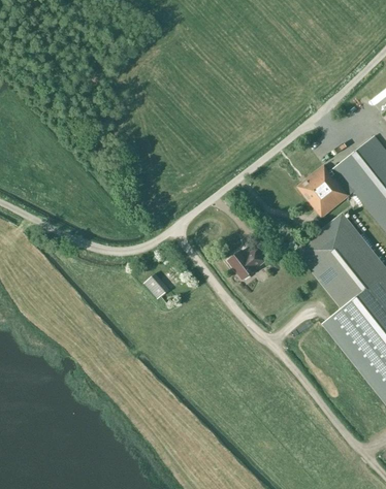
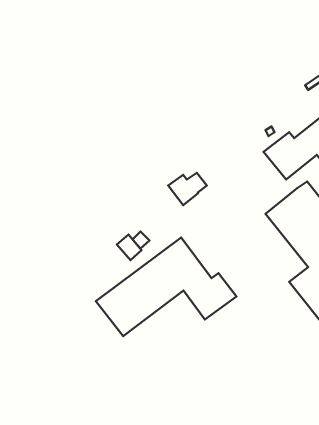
building: [227,247,267,281] -> [168,173,207,205]
building: none -> [96,237,237,336]

